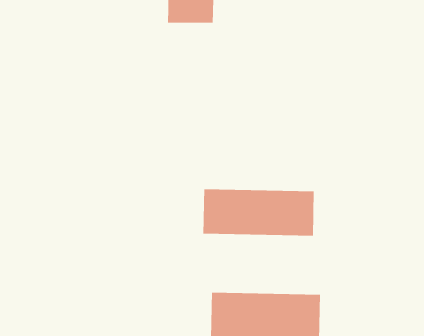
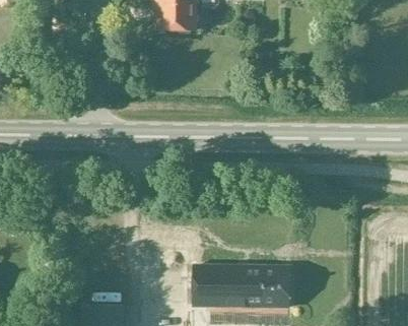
building: [203,189,315,236] -> none

